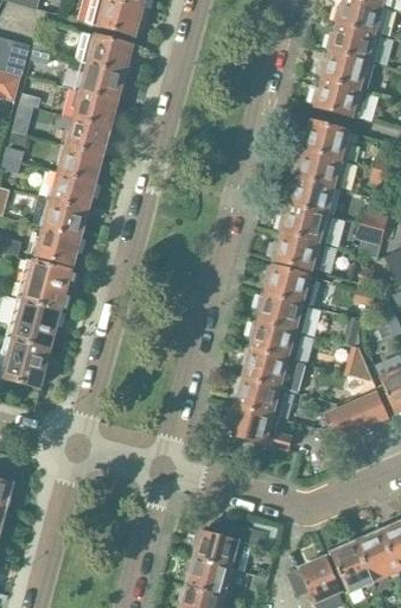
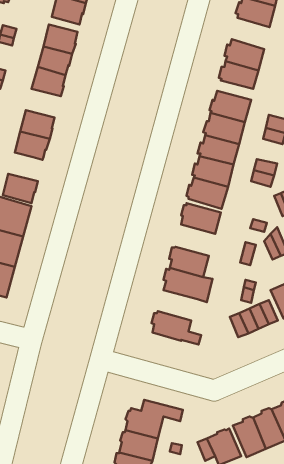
building: [327,27,378,68] -> none
building: [65,119,110,156] -> none
building: [43,201,87,238] -> none
building: [256,293,308,334] -> none
building: [234,378,286,417] -> none

